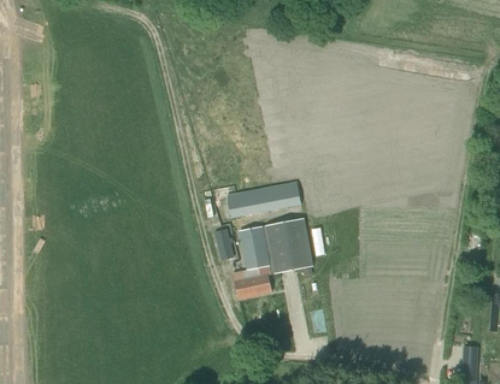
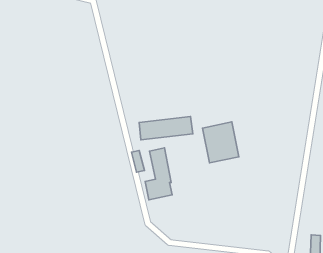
building: [263,218,313,274] -> [202,122,239,163]

